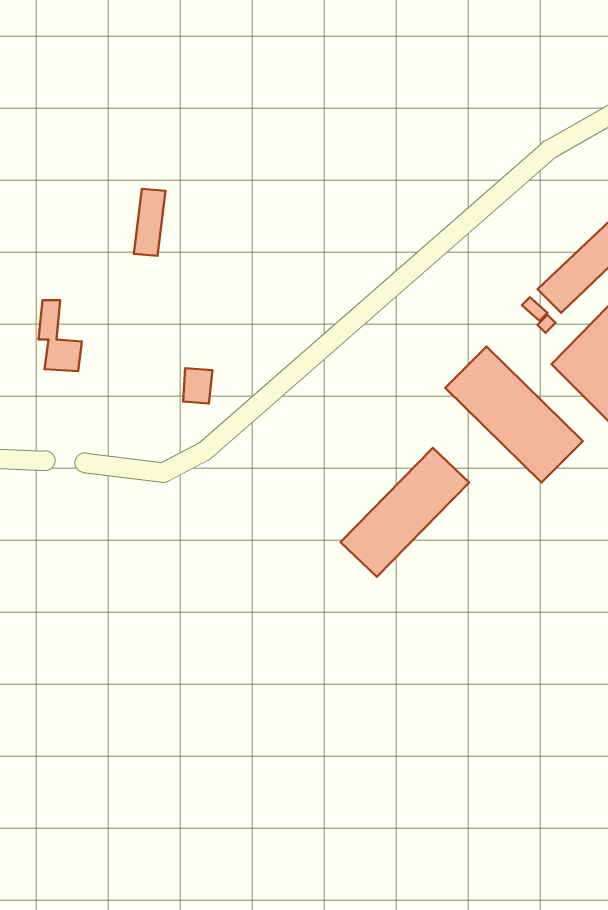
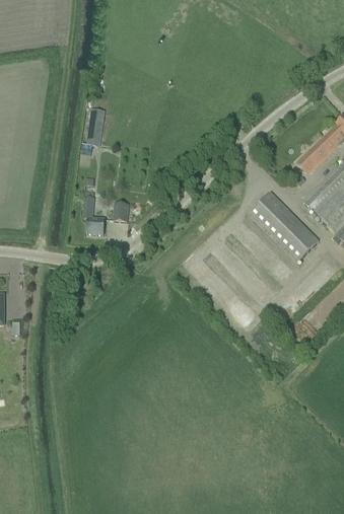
building: [39,300,82,371] -> [83,198,106,234]
building: [341,448,469,577] -> none

